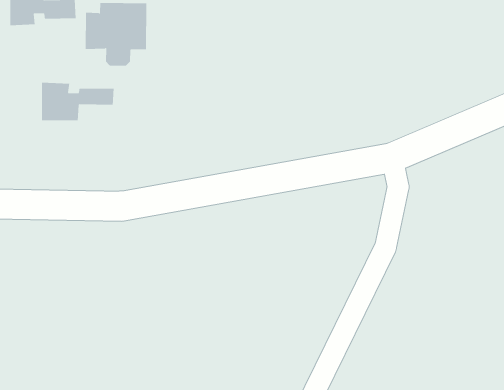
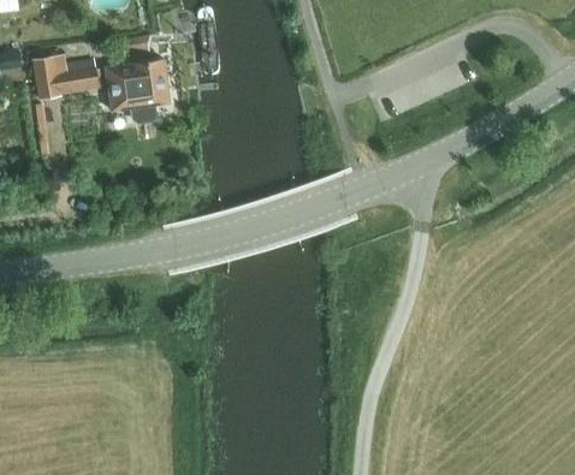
building: [42,82,114,121] -> none

